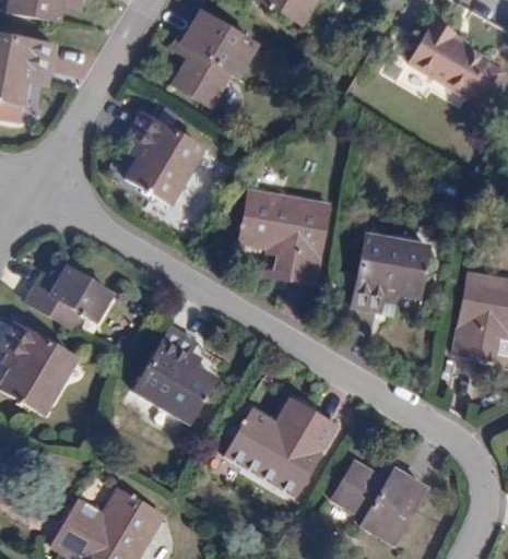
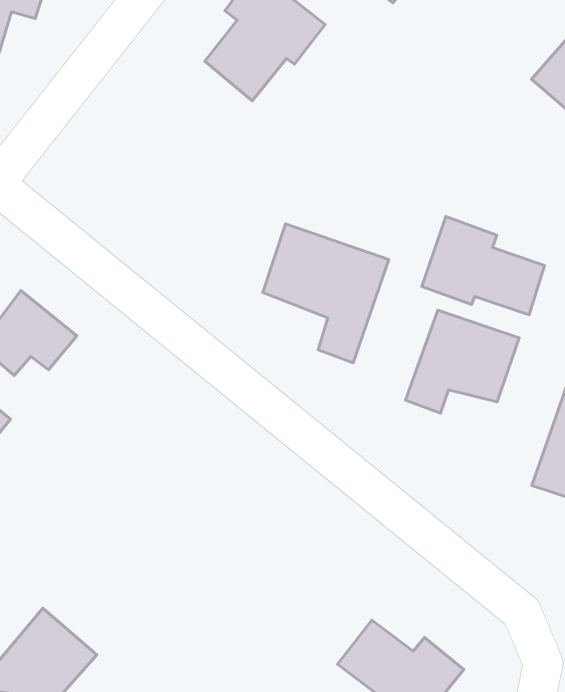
building: [126,112,201,203] -> none
building: none -> [422,216,545,315]
building: [135,331,215,420] -> none
building: [227,401,333,493] -> none

